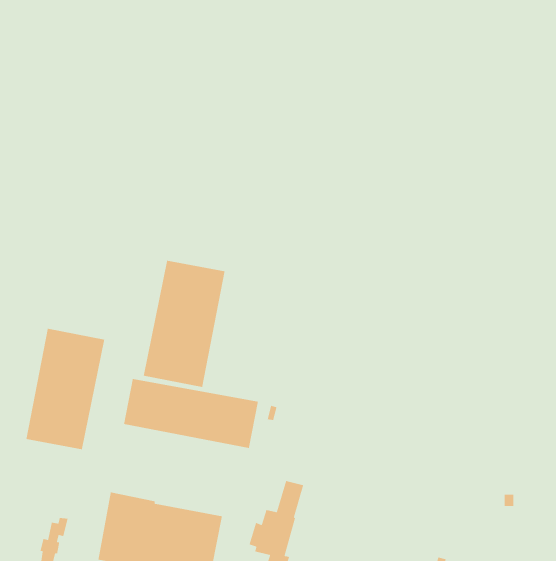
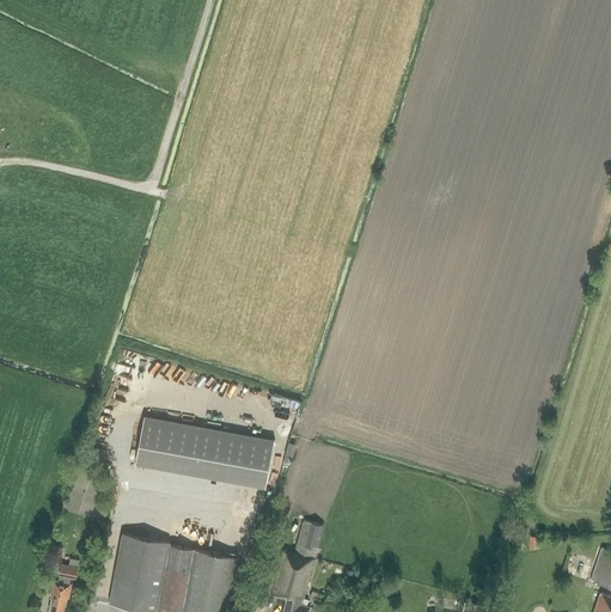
building: [143,260,225,388] -> none
building: [26,328,105,450] -> none

